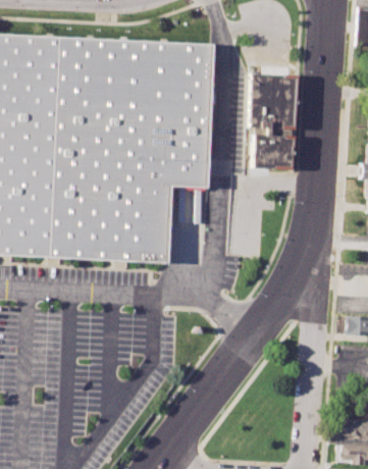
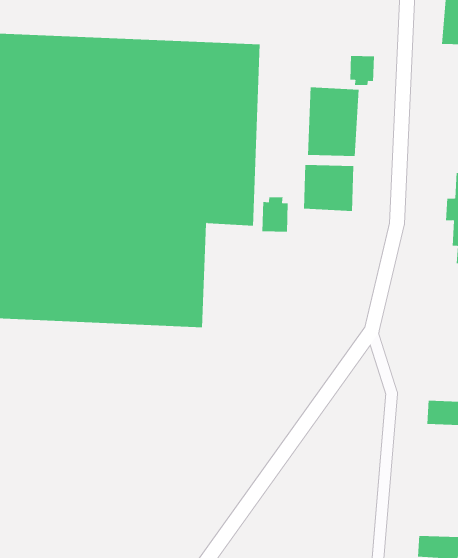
building: none -> [350,55,375,86]
building: none -> [262,196,288,232]

